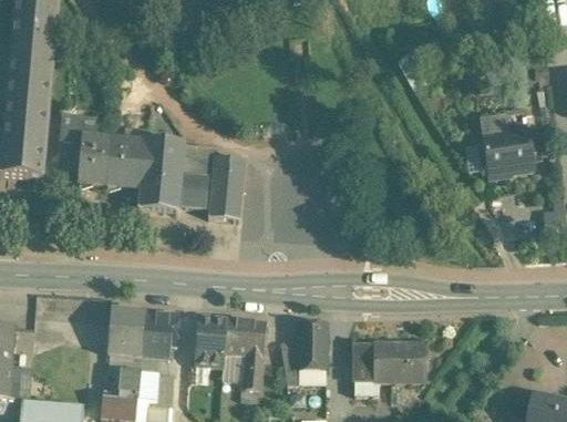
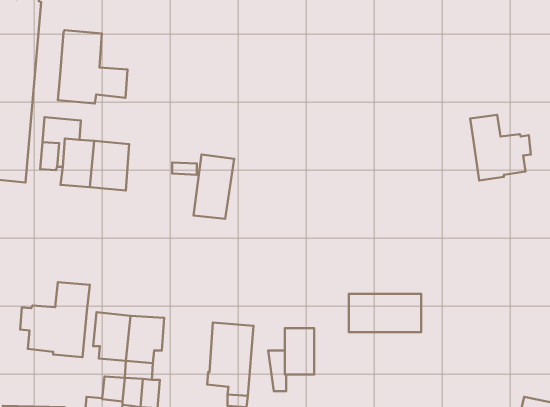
building: [138,142,207,214] -> [58,30,128,103]
building: none -> [20,282,90,357]
building: [194,317,226,368] -> none
building: [352,344,423,382] -> [349,294,421,332]

